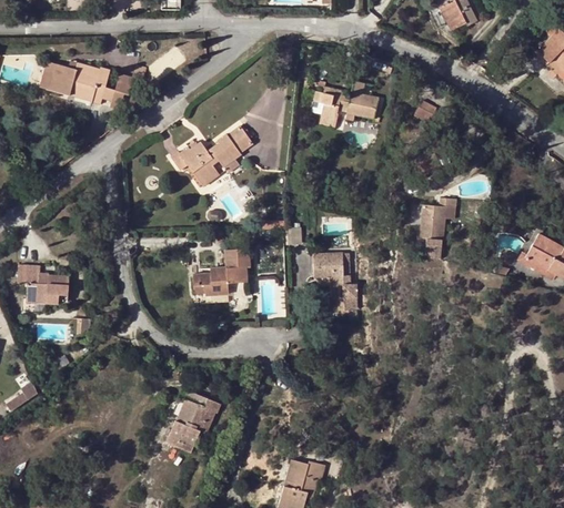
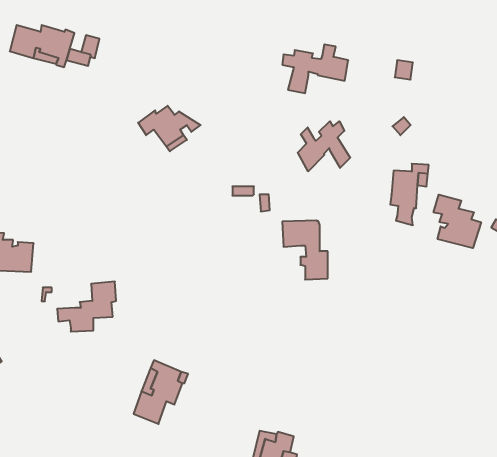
building: [211,126,252,161] -> none
building: none -> [298,121,350,171]
building: none -> [434,195,481,248]
building: [191,248,249,297] -> [57,282,116,332]

